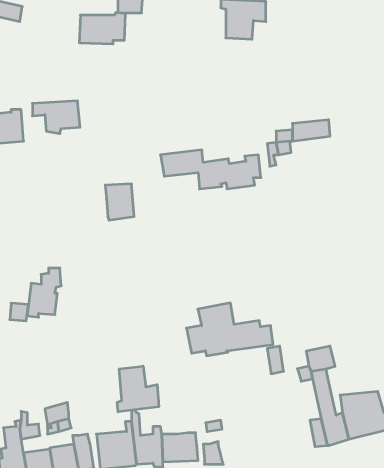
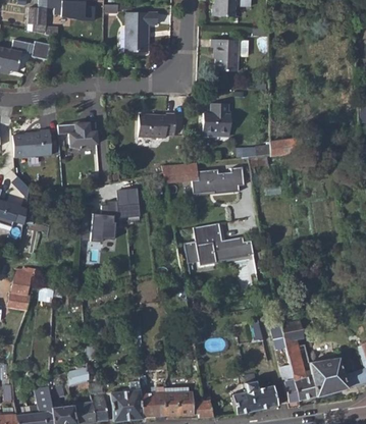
building: [79,13,126,44] -> [137,112,174,138]
building: none -> [203,105,231,134]
building: [27,268,61,317] -> [92,202,119,242]
building: [186,303,273,356] -> [184,222,254,265]
building: [117,366,159,412] -> none
building: none -> [230,373,277,415]

